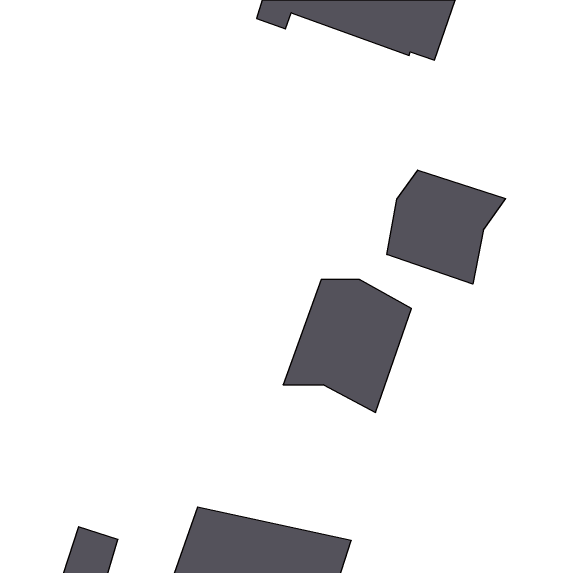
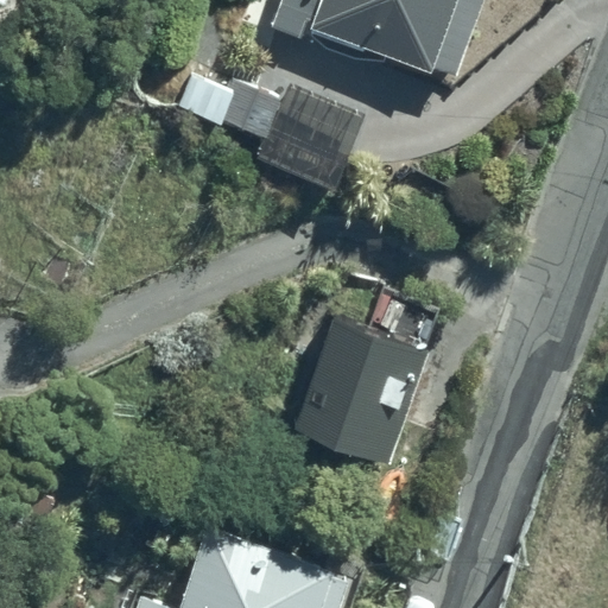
building: none -> [180,75,369,189]
building: [387,170,506,284] -> none

